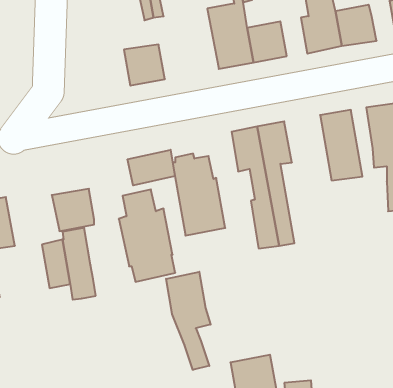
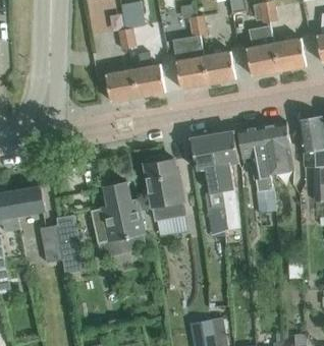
building: none -> [133,52,165,97]
building: none -> [237,125,275,211]
building: [128,150,175,185] -> none
building: [52,189,94,231] -> [12,185,46,219]
building: [166,272,211,370] -> none

